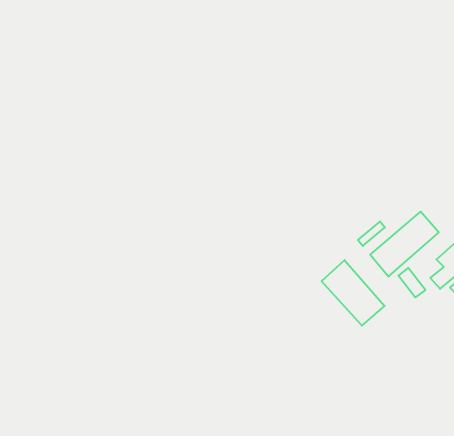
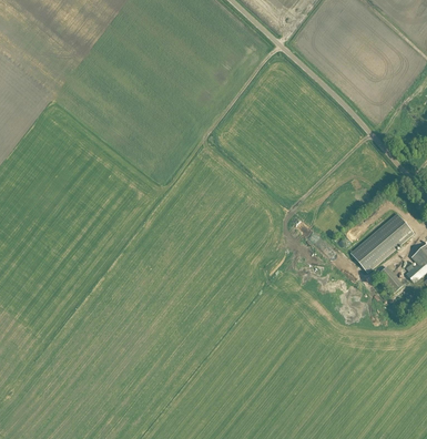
building: [322,260,385,326] -> none

